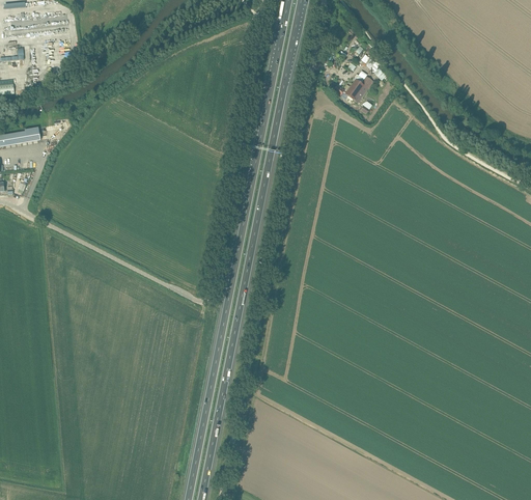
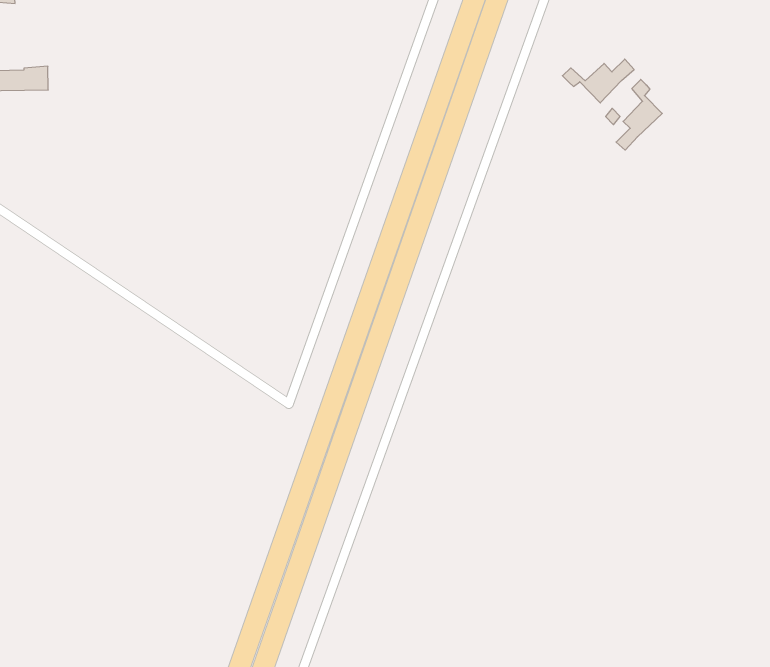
building: none -> [616,79,662,150]

